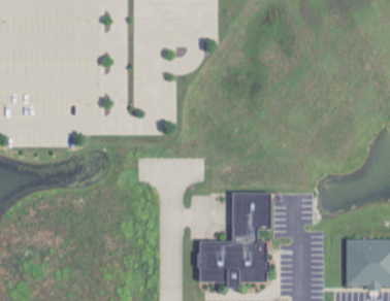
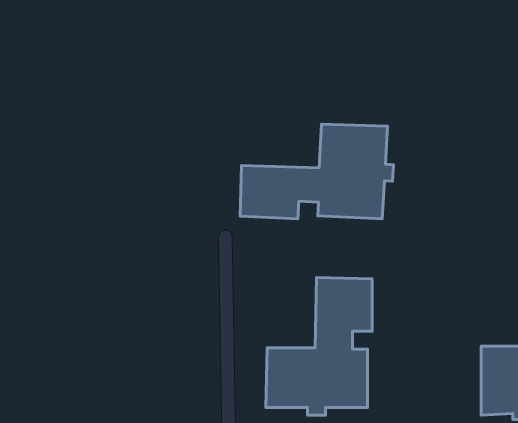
building: none -> [240,124,394,219]

